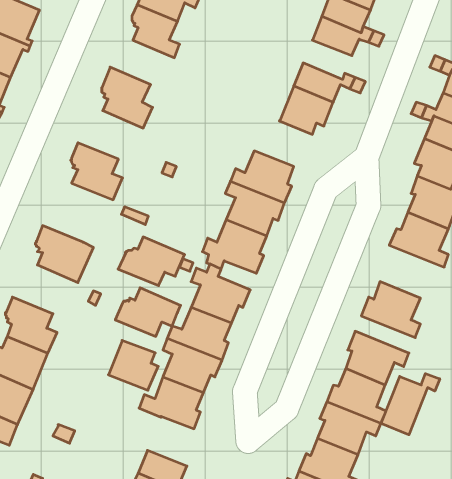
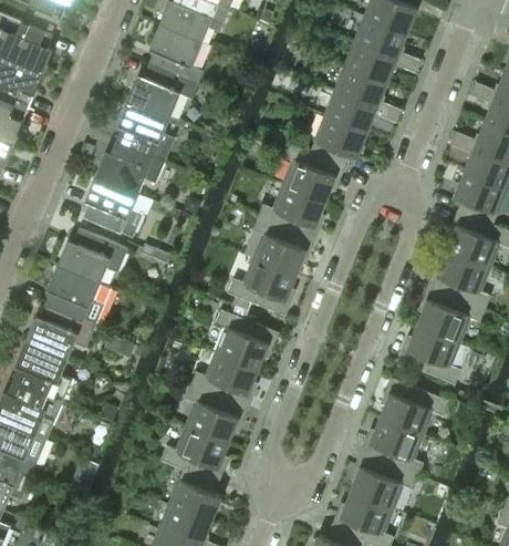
building: none -> [129,65,198,113]
building: none -> [335,65,387,107]
building: none -> [95,141,165,193]
building: none -> [282,141,345,200]
building: [118,237,185,286] -> [58,229,128,281]
building: none -> [417,285,486,341]
building: [115,288,181,336] -> [25,306,95,358]
building: [108,340,158,390] -> [169,467,222,521]
building: [381,374,440,435] -> none

